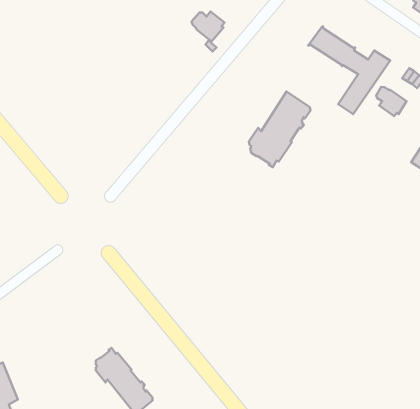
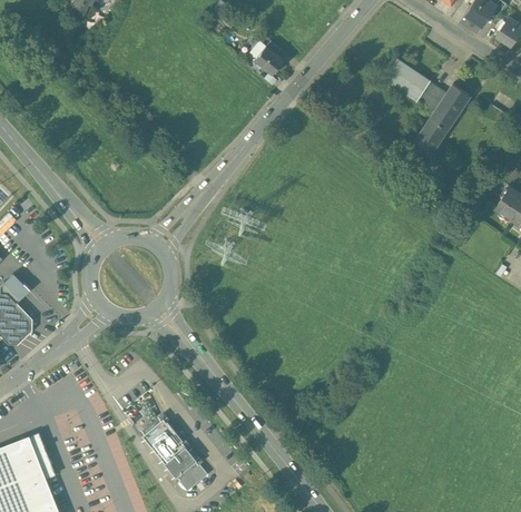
building: [376,87,407,116] -> none
building: [249,92,310,167] -> none

